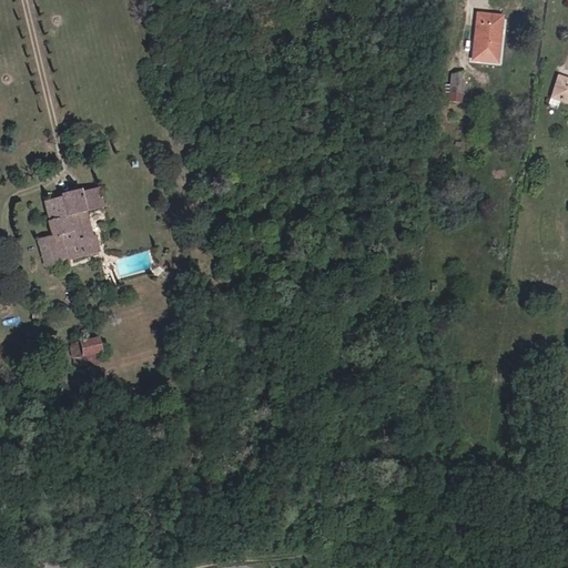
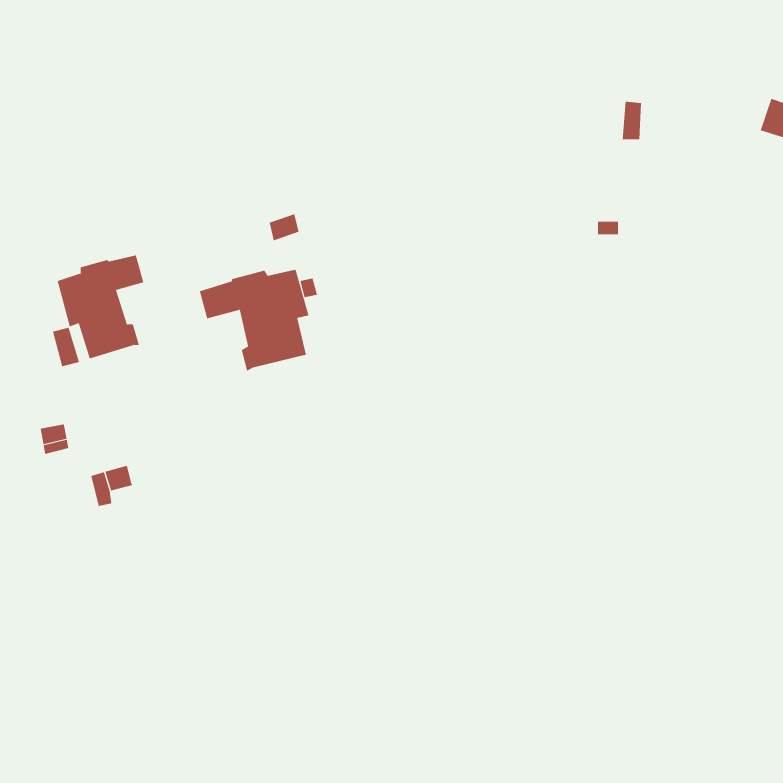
building: [473,12,503,62] -> none
building: none -> [199,269,309,372]

